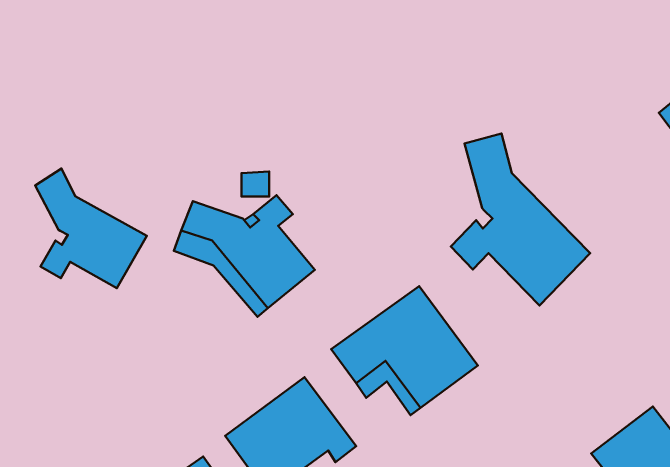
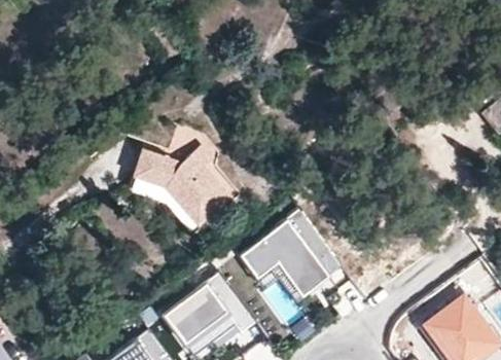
building: [451,133,590,305] -> none
building: [35,169,147,288] -> none

